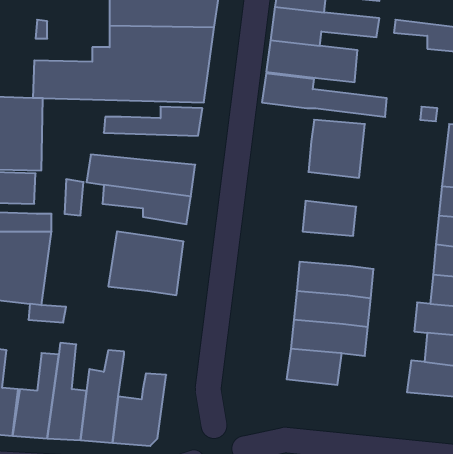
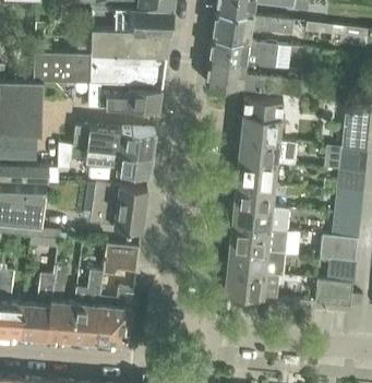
building: none -> [239,137,298,166]
building: none -> [235,182,275,208]
building: none -> [103,244,140,276]

